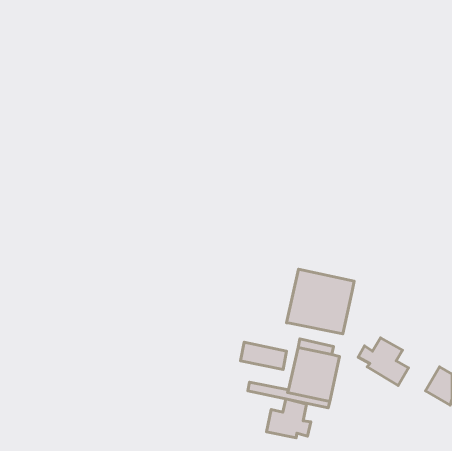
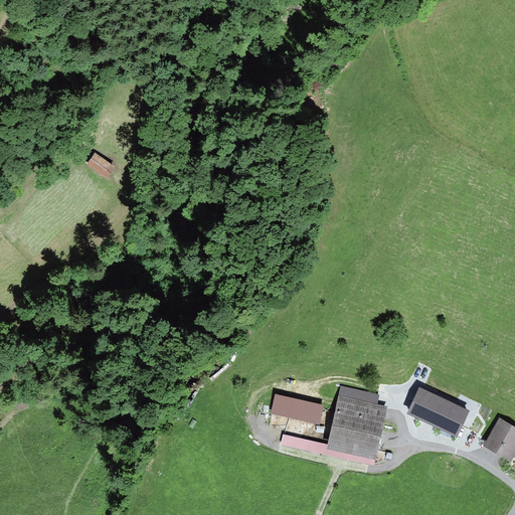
building: none -> [87,152,116,179]
building: [286,269,354,334] -> none
building: [267,399,311,438] -> none

